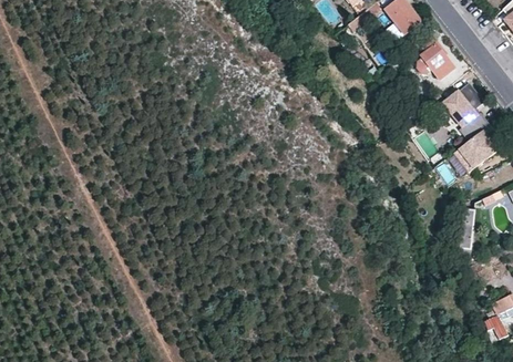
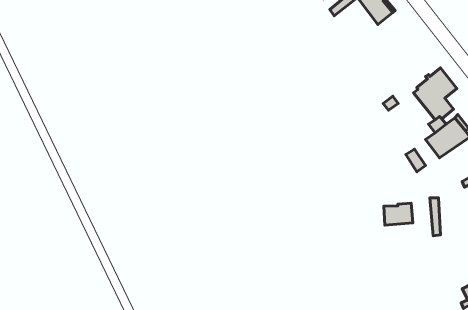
building: [422,34,454,76] -> none
building: none -> [384,203,413,225]

